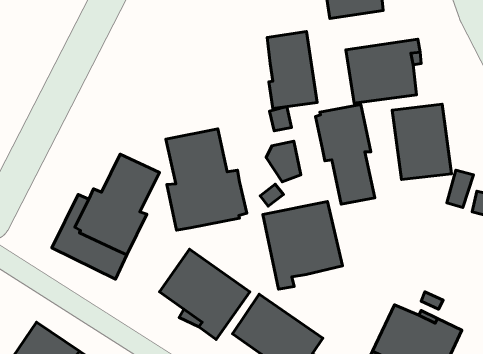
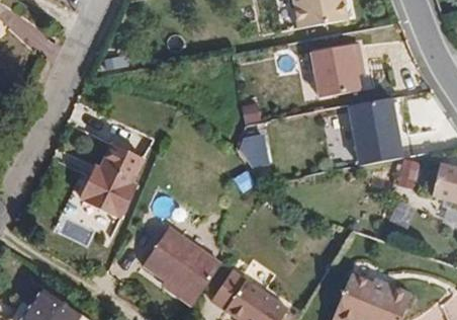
building: [267,32,317,108] -> none
building: [315,105,375,204] -> none
building: [166,129,247,230] -> none
building: [263,201,342,289] -> none

